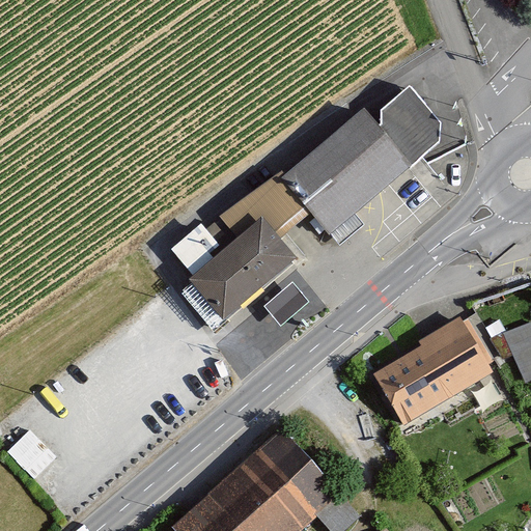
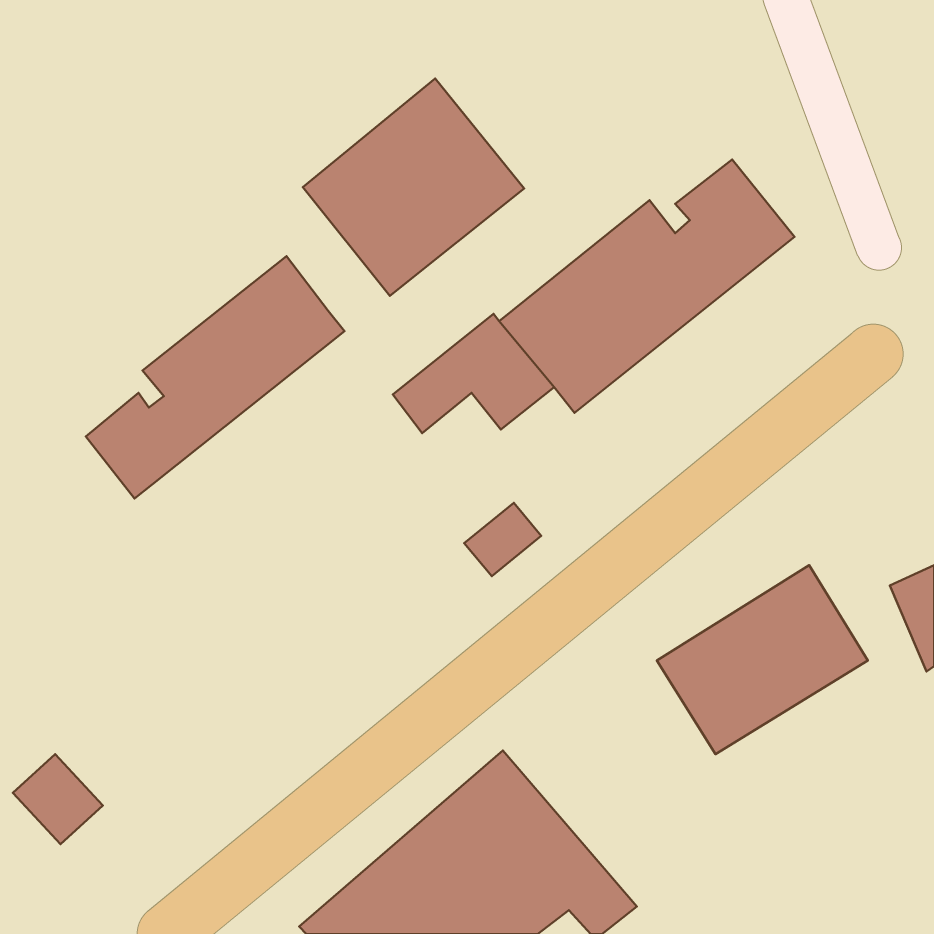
building: none -> [303,79,524,296]
building: none -> [86,256,344,499]
building: [171,222,301,334] -> none

